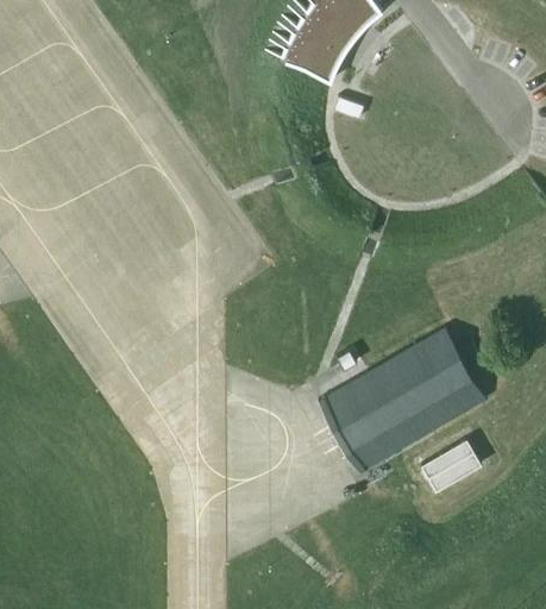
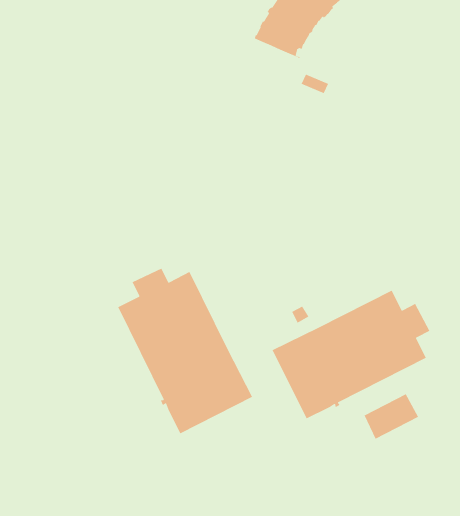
building: none -> [117,267,253,434]

